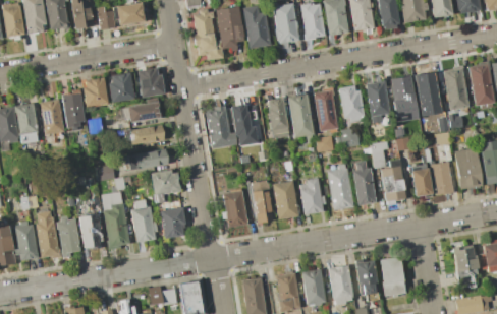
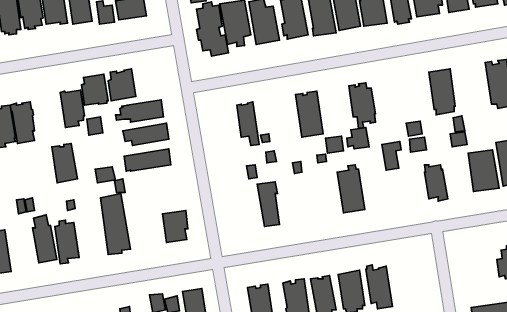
building: [443,66,468,110] -> none
building: [136,68,165,98] -> none
building: [391,75,416,112] -> none
building: [365,81,389,125] -> none
building: [313,89,338,133] -> none
building: [268,98,289,138] -> none
building: [40,99,64,136] -> [52,144,78,183]
building: [205,105,236,148] -> none
building: [351,161,376,205] -> none
building: [430,162,453,196] -> none
building: [380,166,406,205] -> none
building: [150,170,180,203] -> none
building: [299,178,324,214] -> none
building: [271,181,297,219] -> none
building: [222,188,250,228] -> none
building: [130,199,158,243] -> none
building: [79,214,103,248] -> none
building: [15,221,38,261] -> none
building: [451,242,478,277] -> none
building: [379,256,407,297] -> none

